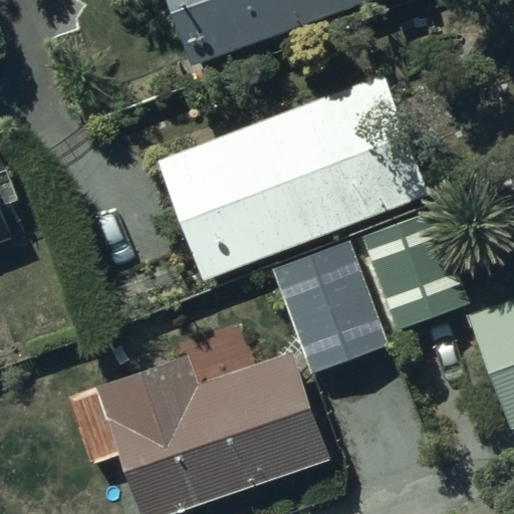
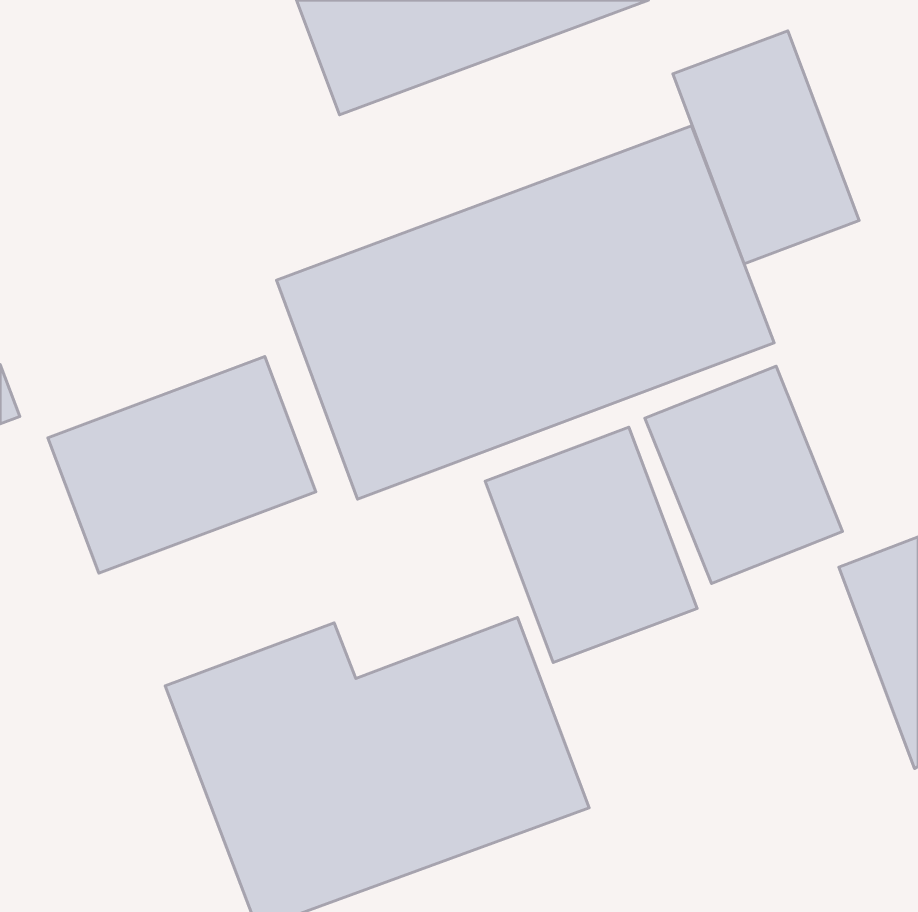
building: none -> [673,31,859,264]
building: none -> [48,356,316,573]

